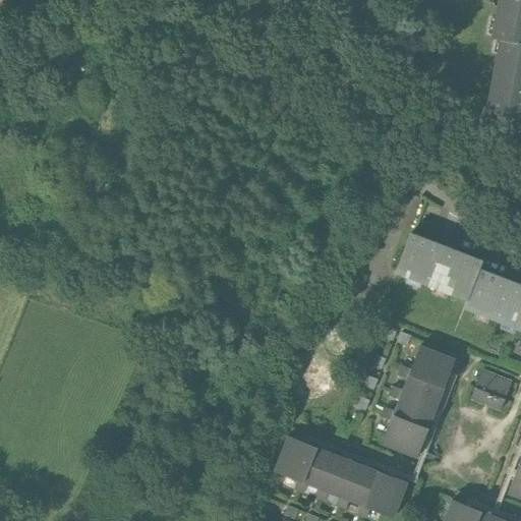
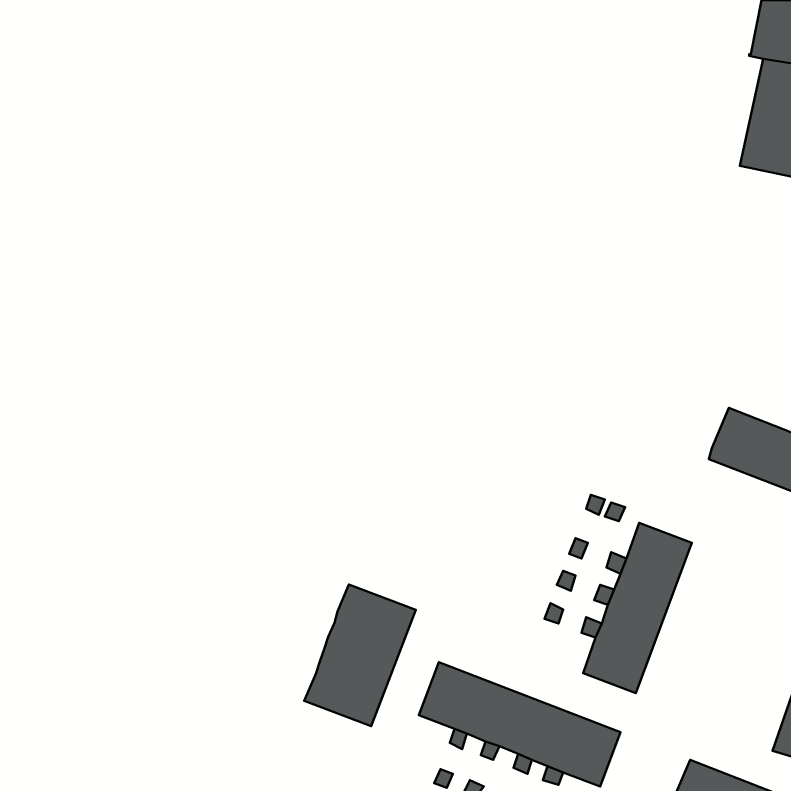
building: [399,233,482,295] -> none
building: [472,370,511,410] -> none
building: none -> [304,585,416,726]

